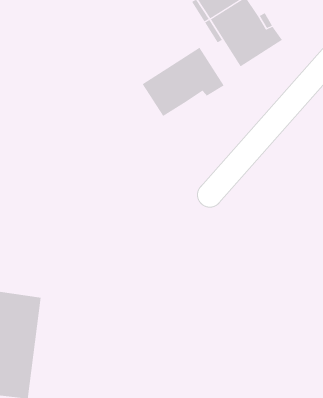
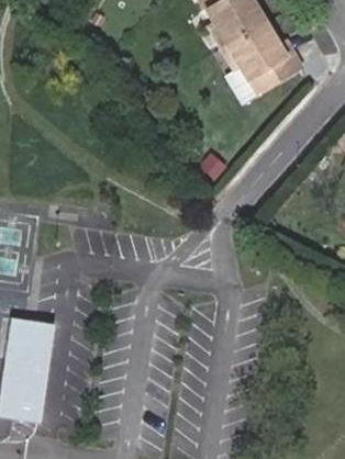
building: [142,47,225,117] -> none

